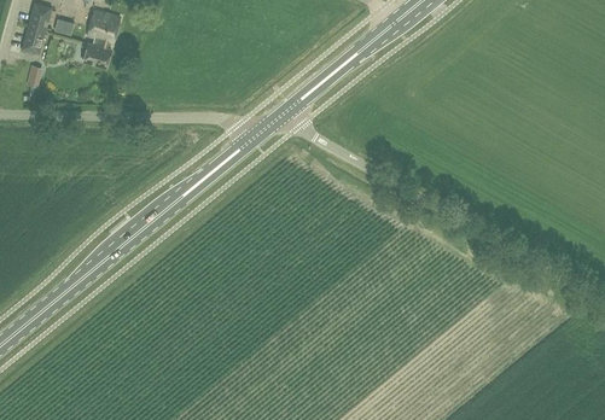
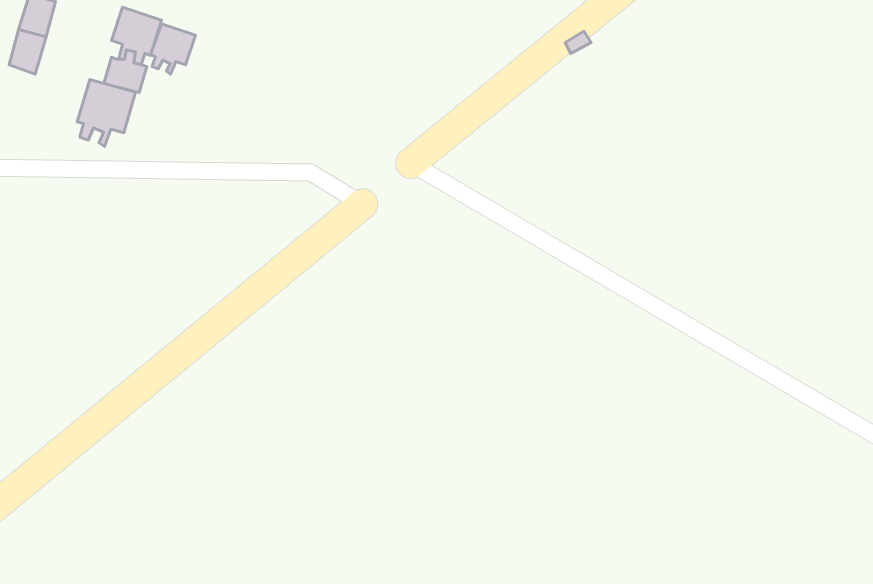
building: none -> [151,24,195,74]
building: none -> [77,79,135,146]

